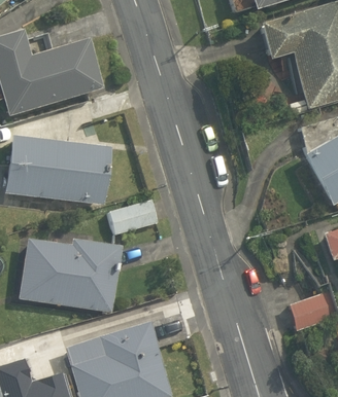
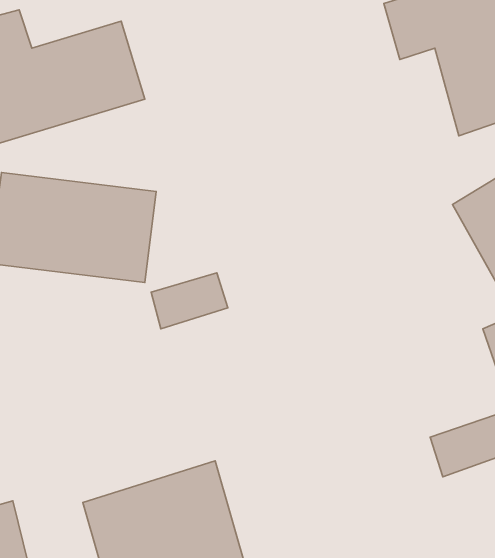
building: [19,238,123,312] -> none

